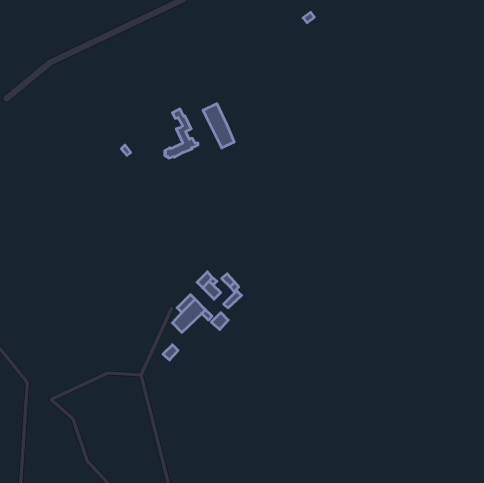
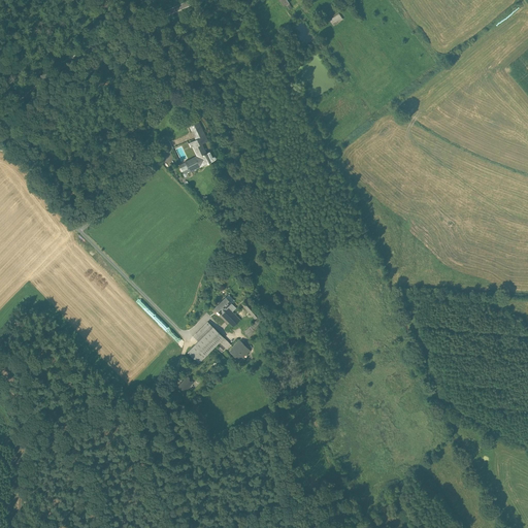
building: [203,104,234,148] -> none

